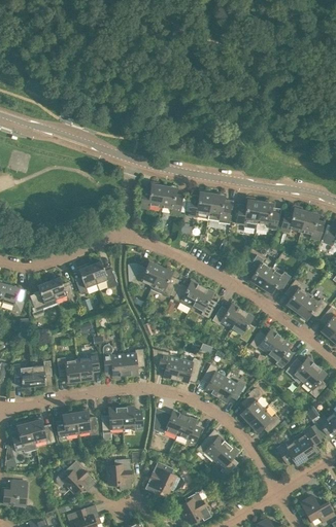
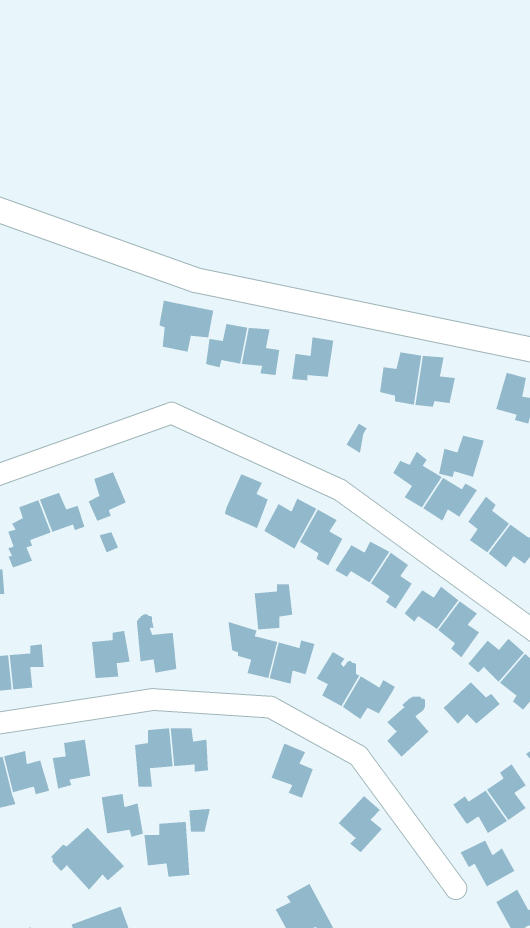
building: none -> [159,300,214,353]
building: [208,192,230,220] -> none
building: [280,207,306,231] -> [438,435,485,478]
building: [90,259,117,287] -> none
building: [127,260,160,284] -> none
building: [123,348,144,374] -> [254,583,293,630]
building: [57,356,79,381] -> none
building: [153,408,183,433] -> none
building: [248,408,280,431] -> [443,682,501,725]
building: [74,410,98,434] -> [101,793,144,838]
building: [196,434,228,458] -> none
building: [144,460,183,493] -> none
building: none -> [460,840,516,888]

